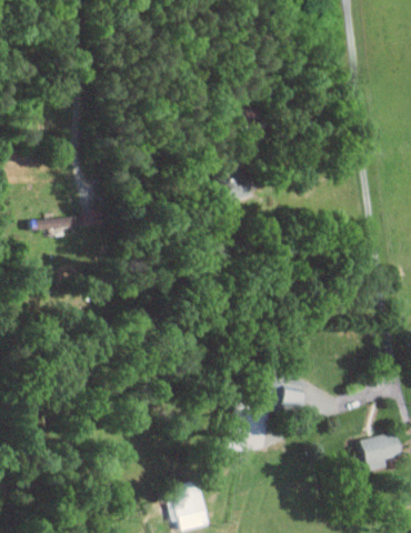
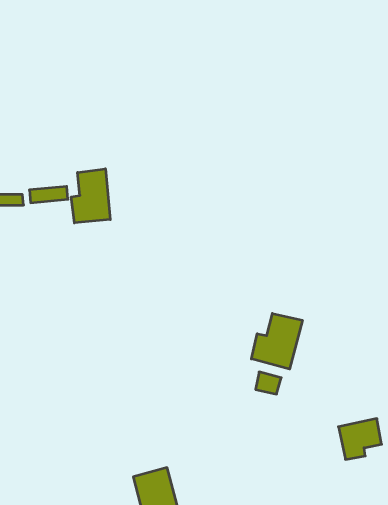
building: none -> [71,169,110,223]
building: none -> [251,313,302,369]

